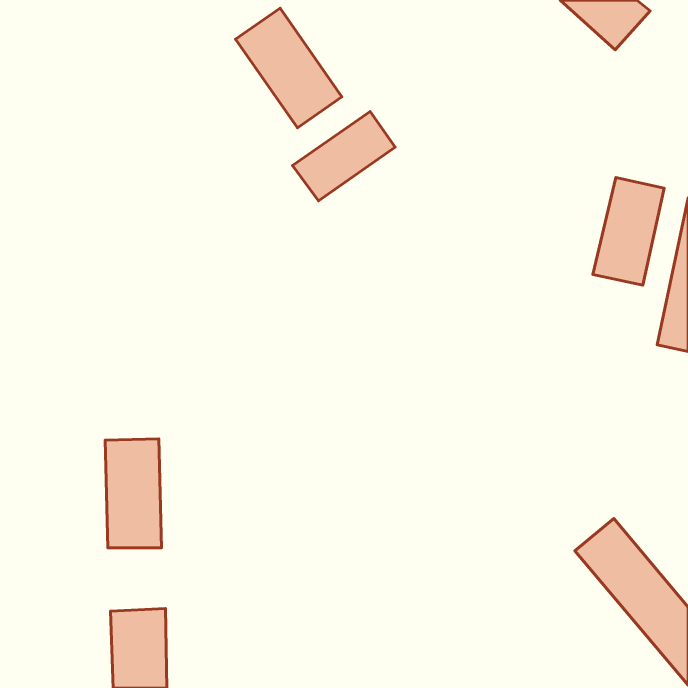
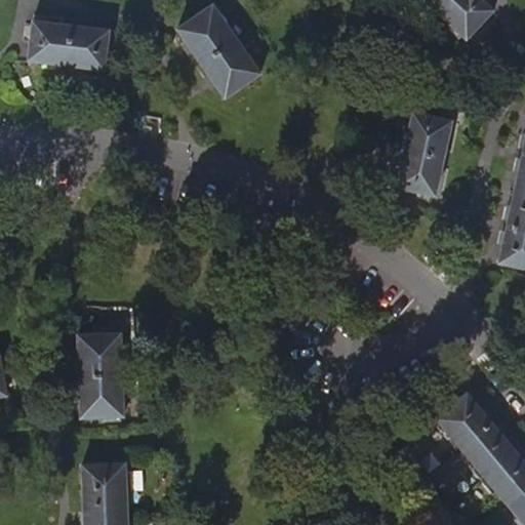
building: none -> [31,22,110,70]
building: [292,111,395,201] -> none
building: [593,177,664,285] -> [398,113,452,195]

